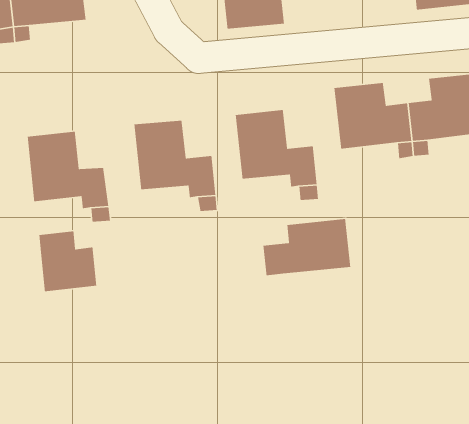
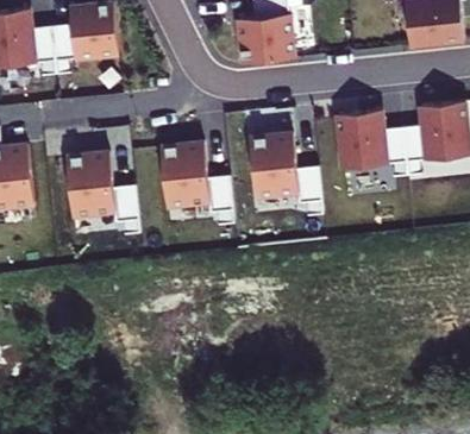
building: [262,218,351,276] -> none
building: [38,231,97,292] -> none

